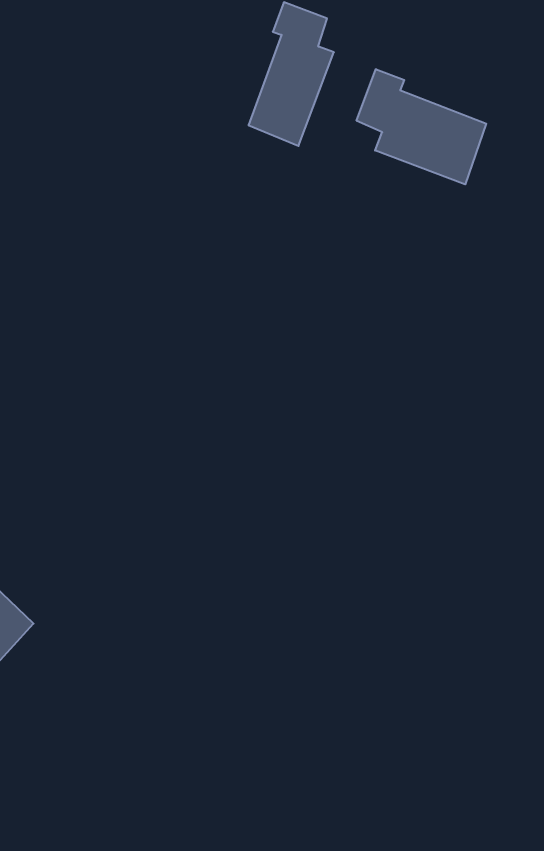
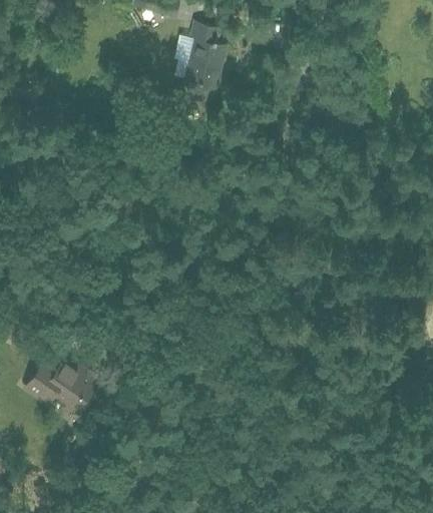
building: [357,69,486,184] -> none

